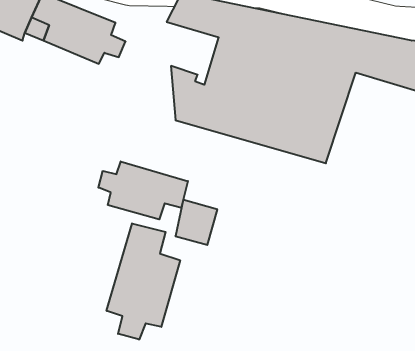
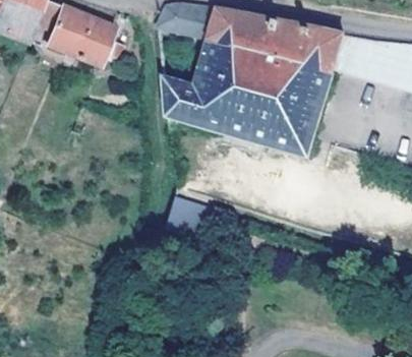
building: [98,161,188,219] -> none
building: [107,223,180,340] -> none

